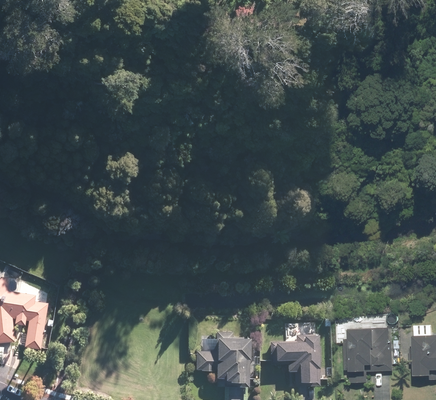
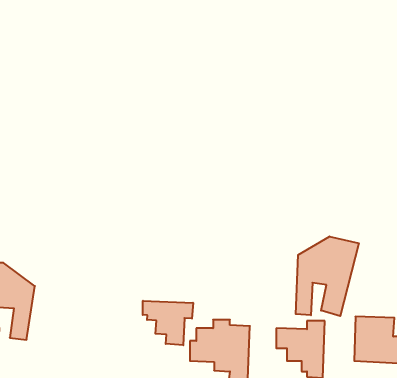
building: none -> [296,236,359,316]
building: none -> [143,301,193,345]

